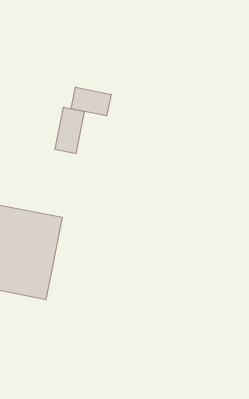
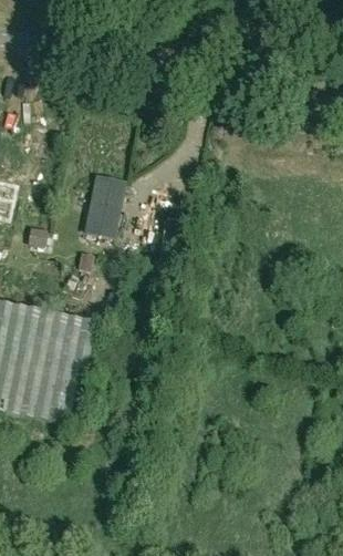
building: [71,87,111,116] -> none

